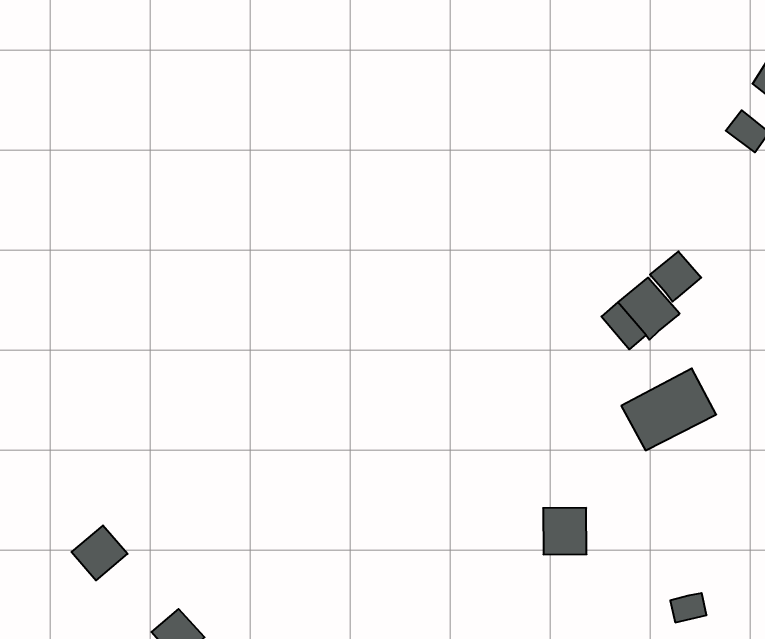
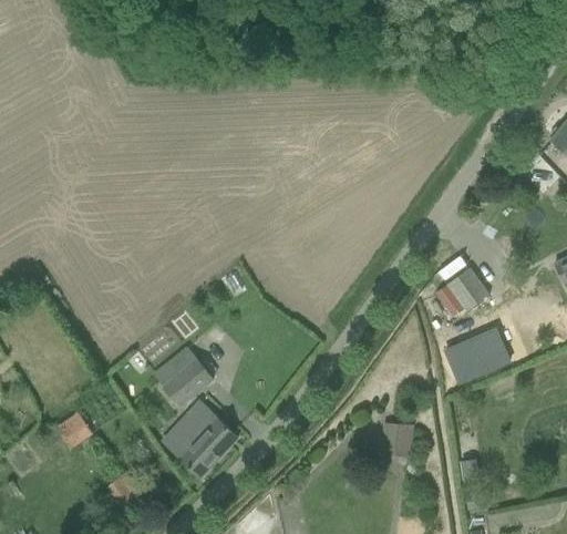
building: [650,251,701,302] -> none
building: none -> [162,357,213,405]
building: none -> [177,408,237,476]

